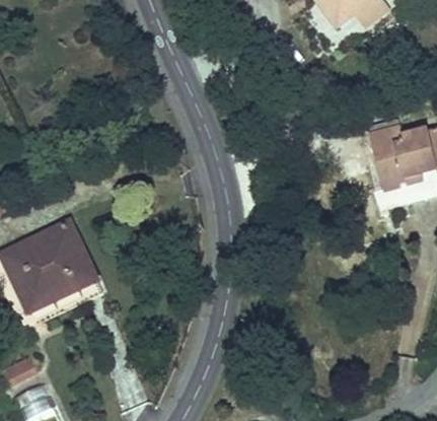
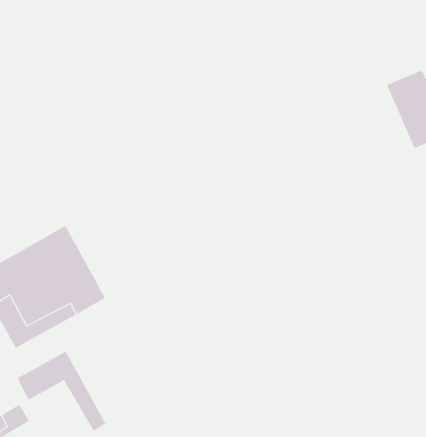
building: none -> [17,351,106,431]

